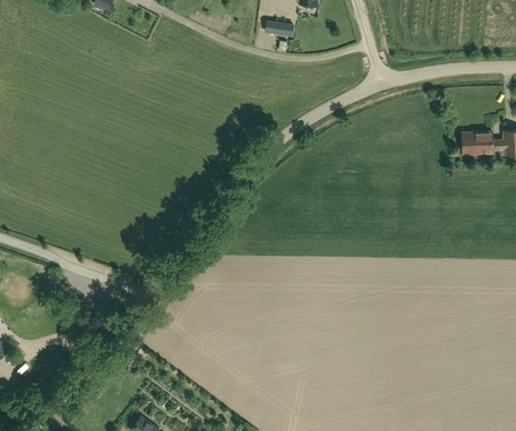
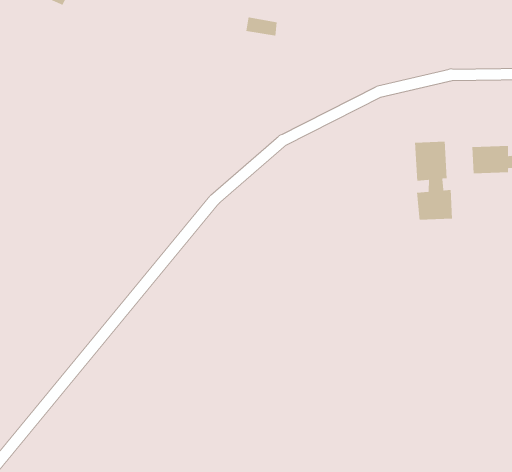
building: none -> [415,141,453,221]

